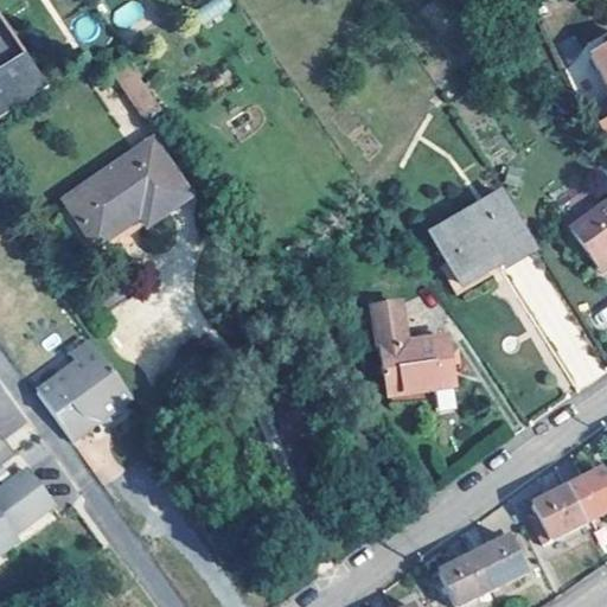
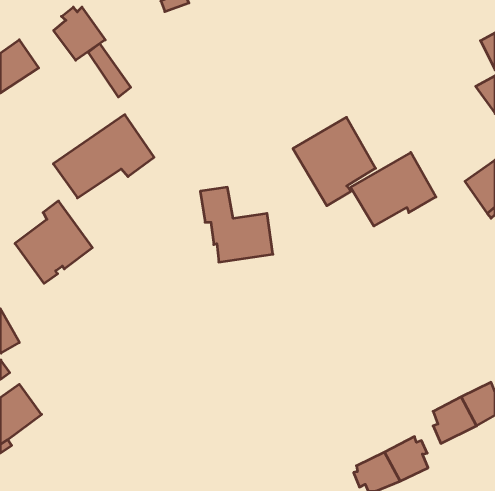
building: none -> [54,7,105,60]
building: none -> [293,117,376,206]
building: [364,301,453,392] -> [200,187,273,262]
building: [38,339,133,440] -> [15,201,92,283]

